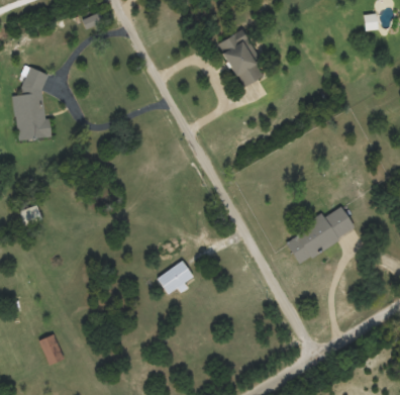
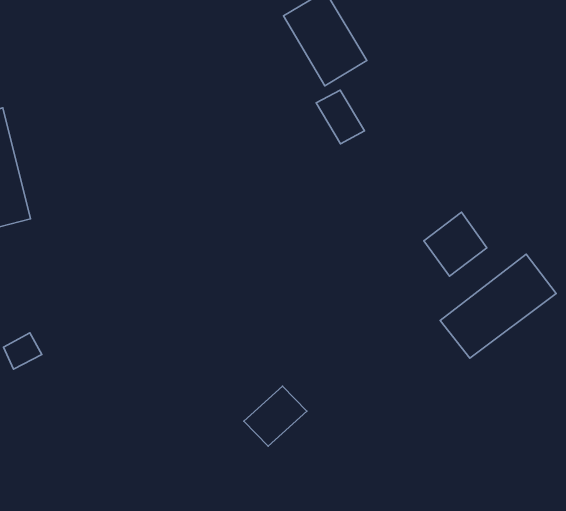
building: none -> [316,90,364,144]
building: none -> [424,212,487,276]

